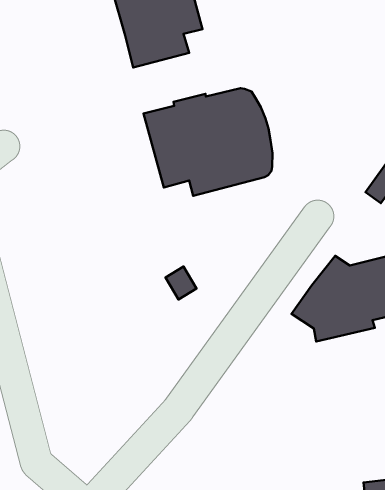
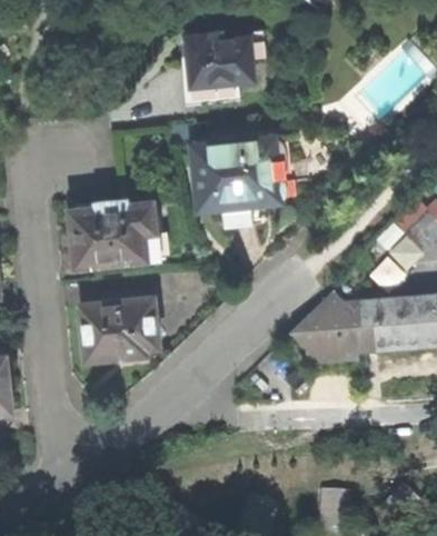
building: none -> [71,201,163,266]
building: none -> [81,297,159,361]

